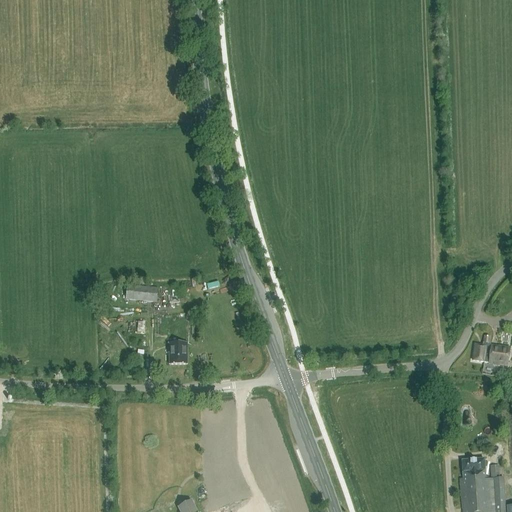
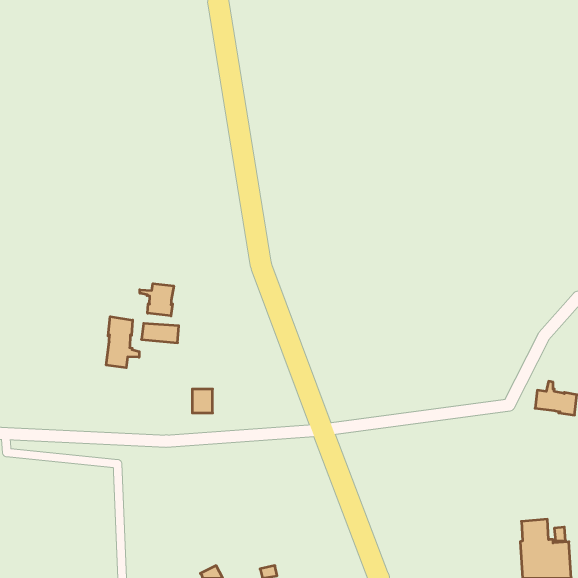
building: none -> [140,284,174,316]
building: none -> [106,317,139,368]

